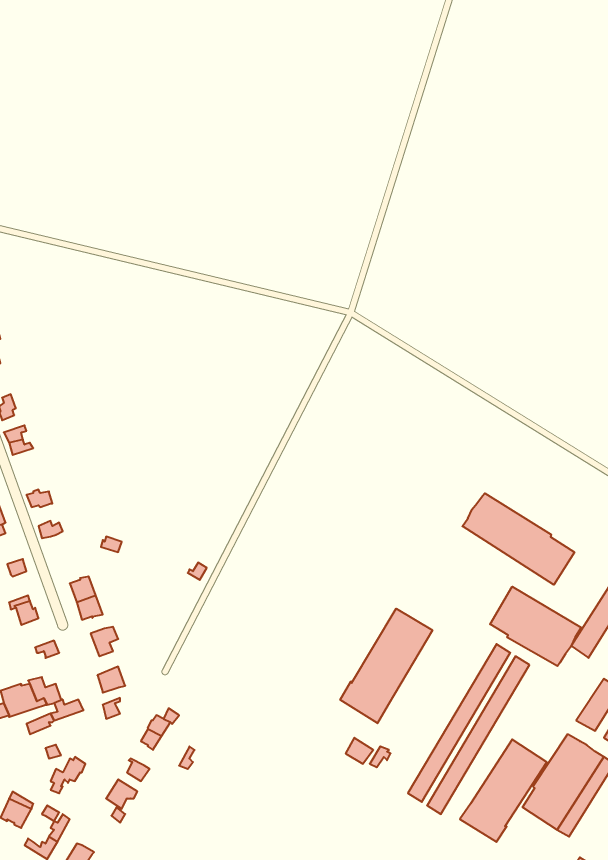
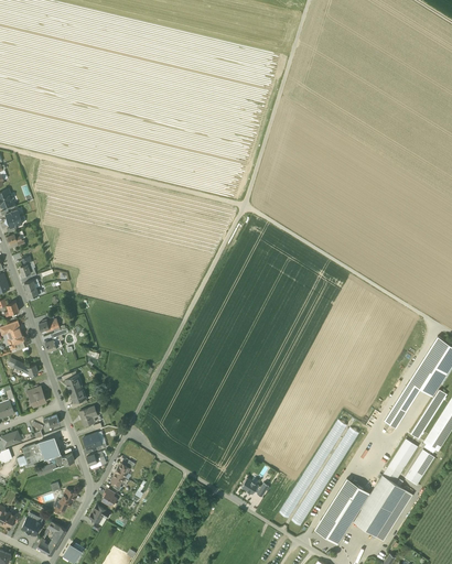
building: [462,493,574,585] -> none
building: [490,587,581,666] -> none
building: [340,609,432,723] -> none

